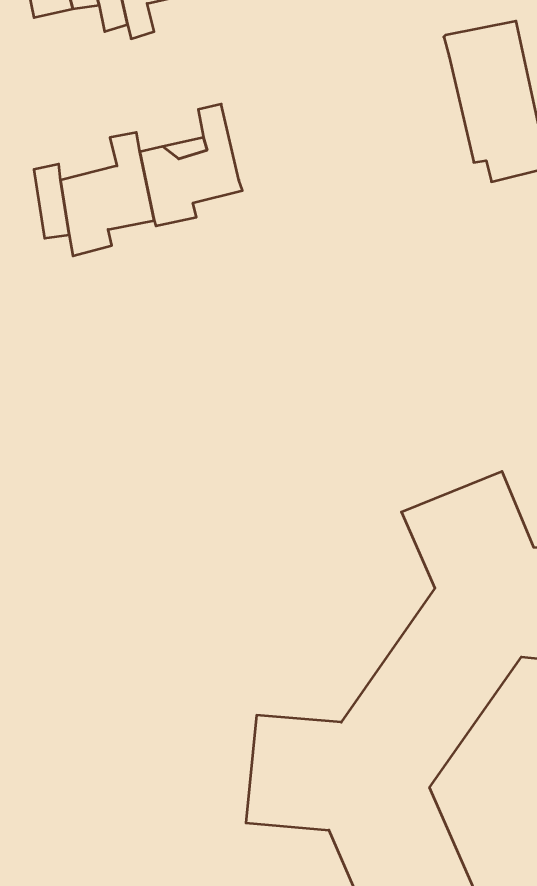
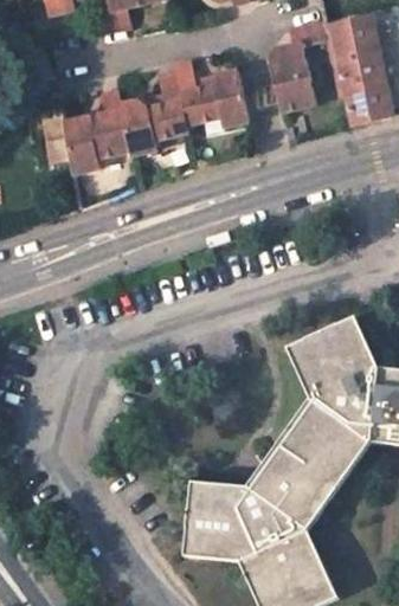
building: none -> [268,21,324,112]
building: none -> [170,58,246,124]

